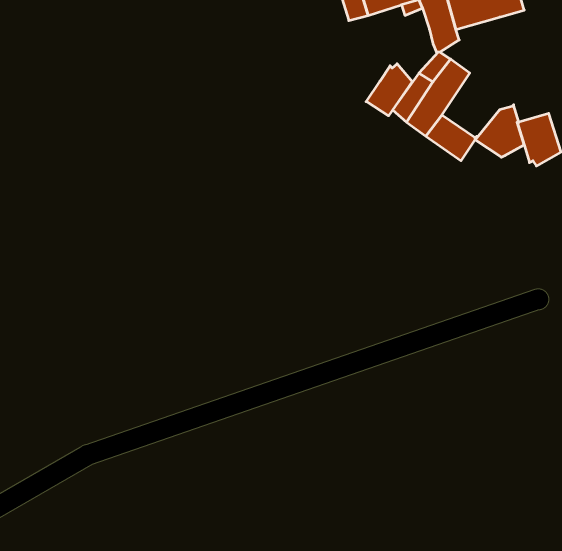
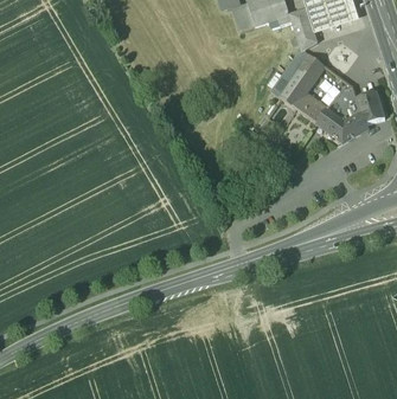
building: [366,64,412,116] -> none
building: none -> [316,109,367,141]

